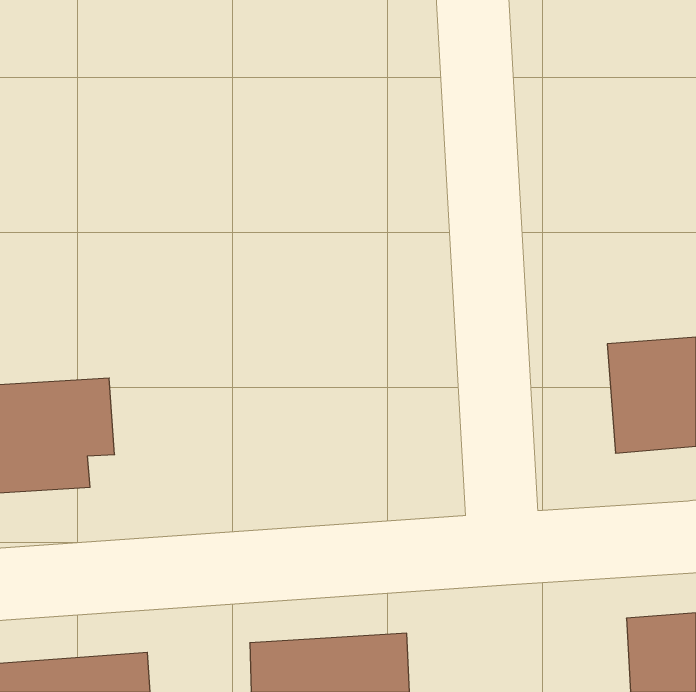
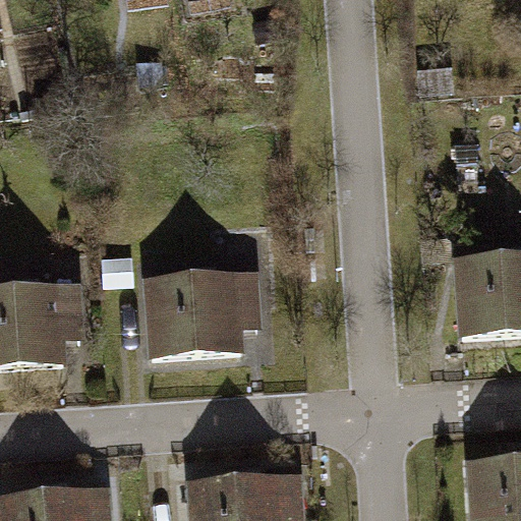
building: none -> [142,269,264,357]

